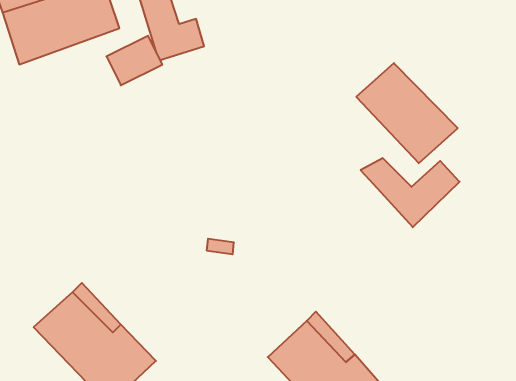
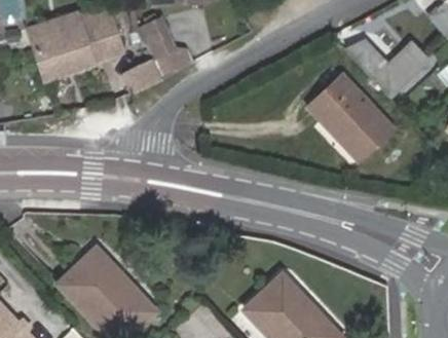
building: [361,158,460,227] -> [347,42,425,97]

